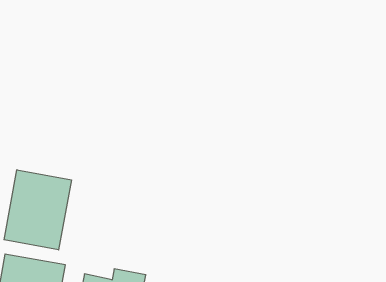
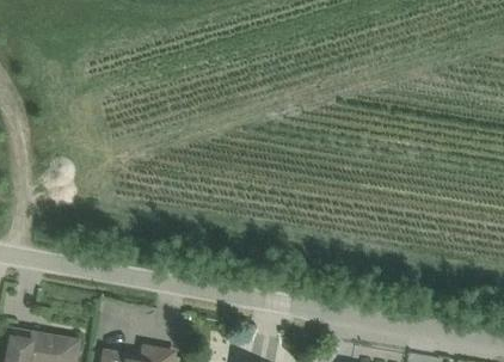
building: [4,170,71,250] -> none

